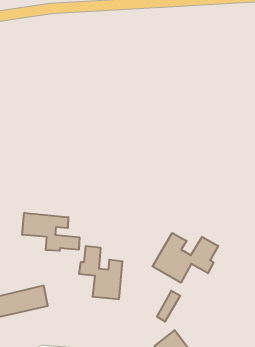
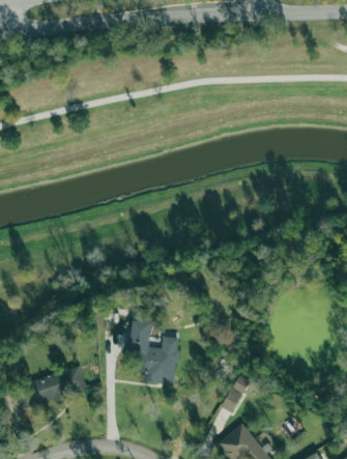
building: [22,213,80,251] -> none
building: [152,233,218,283] -> none

